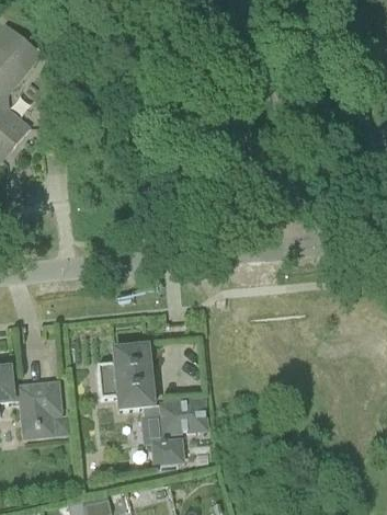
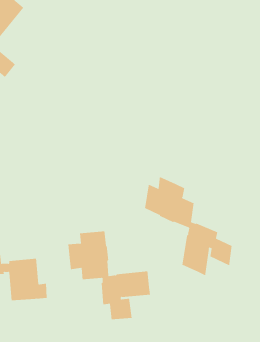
building: none -> [145,176,232,276]

